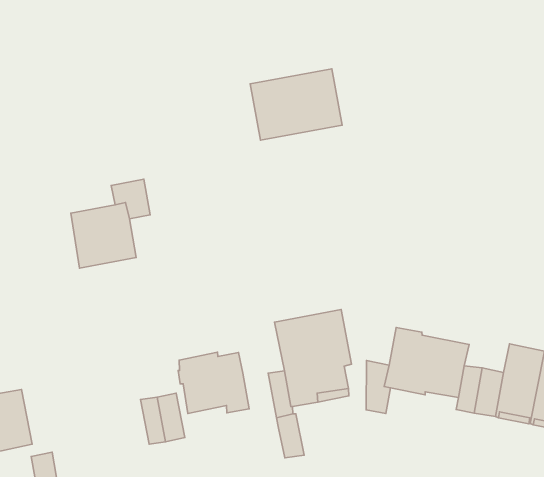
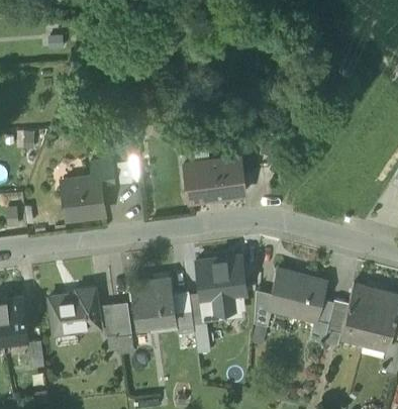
building: [250,69,342,140] -> [184,158,244,203]
building: none -> [48,289,100,335]
building: none -> [172,294,194,337]

